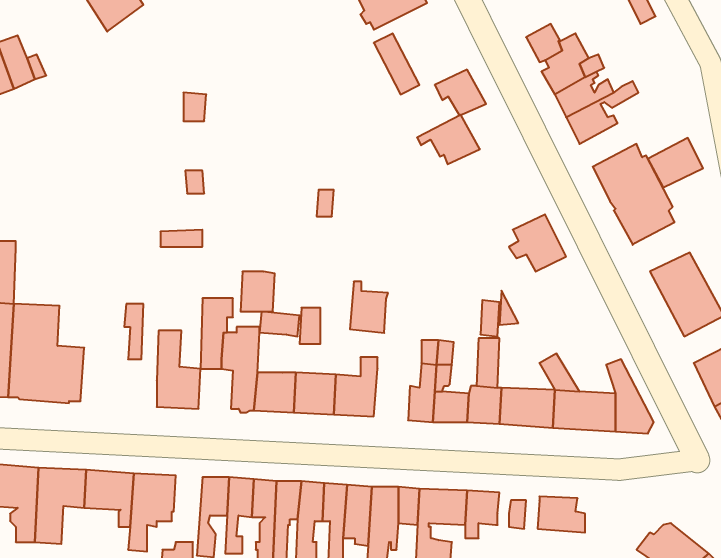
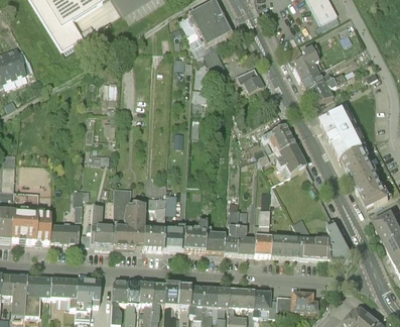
building: [417,115,480,164] -> [261,125,294,151]
building: [648,138,703,187] -> [342,147,371,174]
building: [241,272,275,312] -> [111,225,129,246]
building: [350,282,388,333] -> [204,225,224,252]
building: none -> [48,223,78,244]

